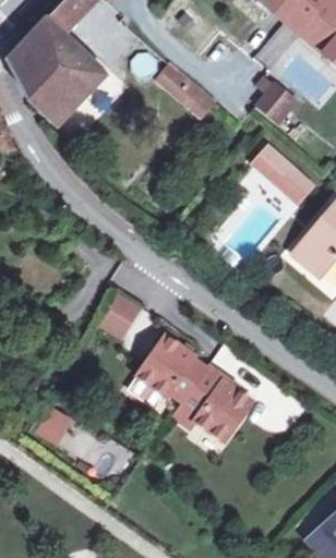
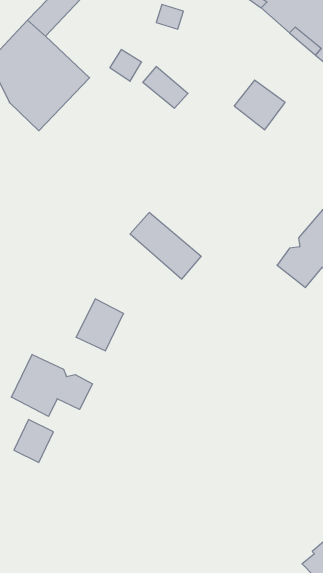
building: [245,141,314,205] -> [130,213,201,279]
building: [141,337,257,442] -> none
building: none -> [11,354,93,416]

